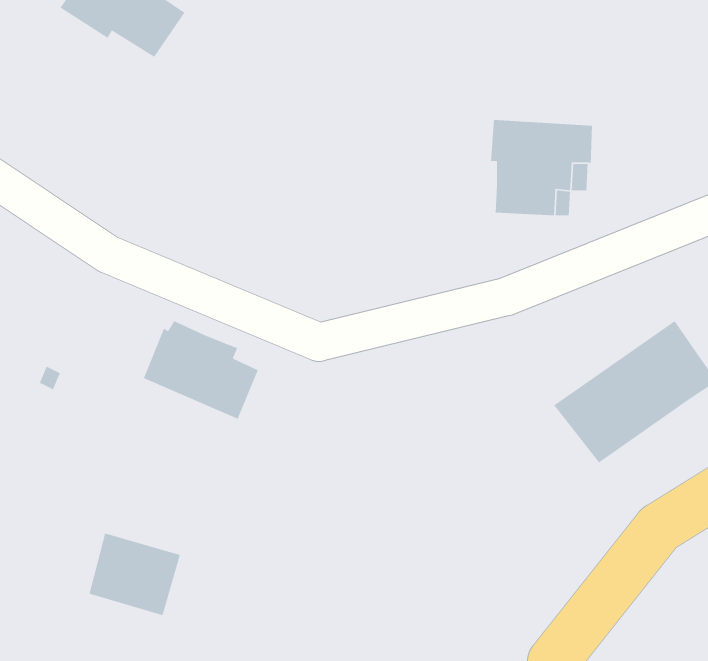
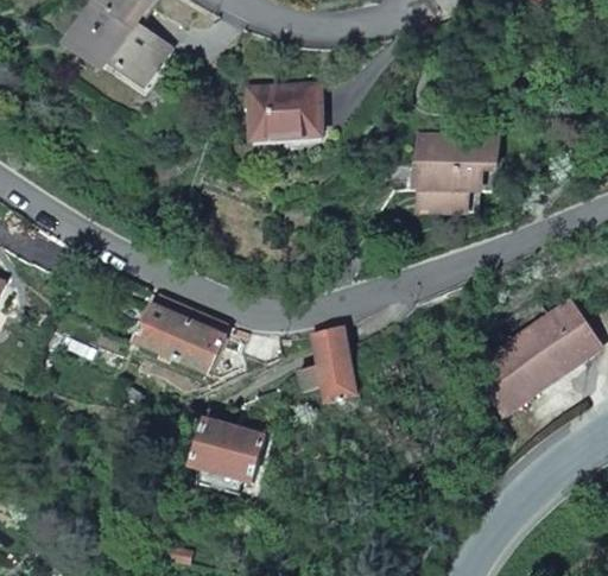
building: none -> [249,84,322,138]
building: none -> [297,325,357,404]
building: [88,533,181,616] -> [191,417,266,485]

